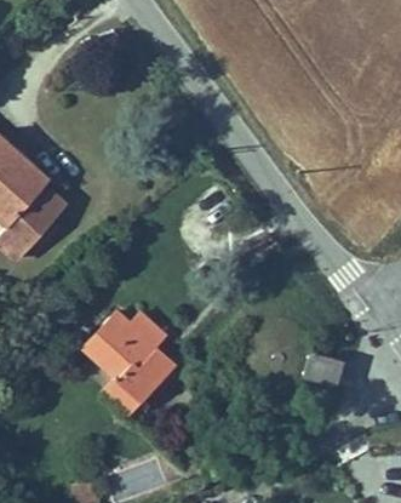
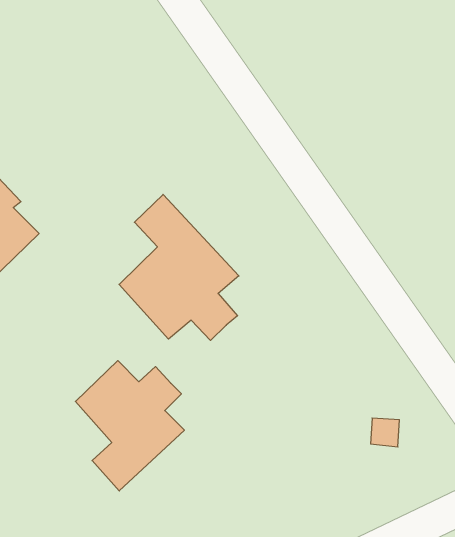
building: none -> [119,194,239,340]

